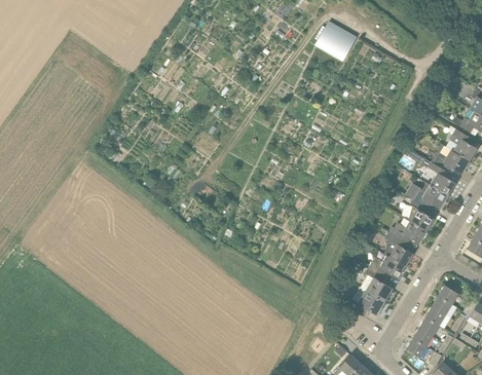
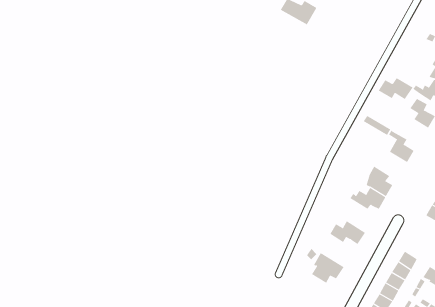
building: [434,151,470,174] -> [378,77,413,100]
building: [406,183,448,211] -> none
building: [385,232,413,267] -> none
building: [361,268,392,302] -> none

